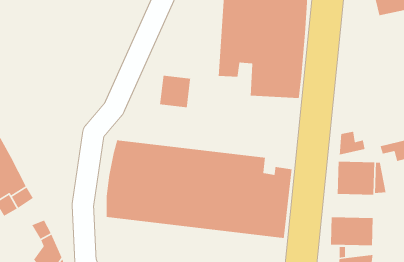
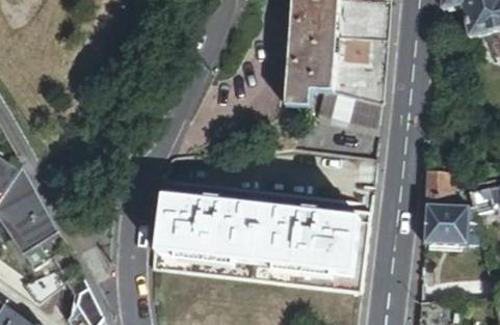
building: [159,75,191,108] -> none
building: [330,217,373,246] -> none

